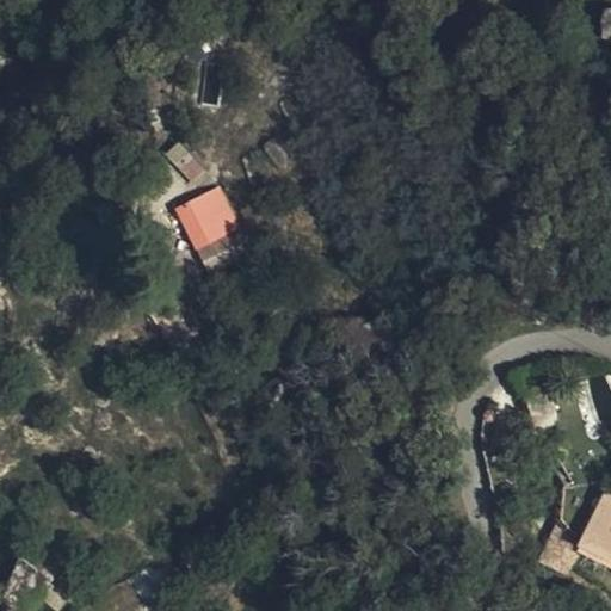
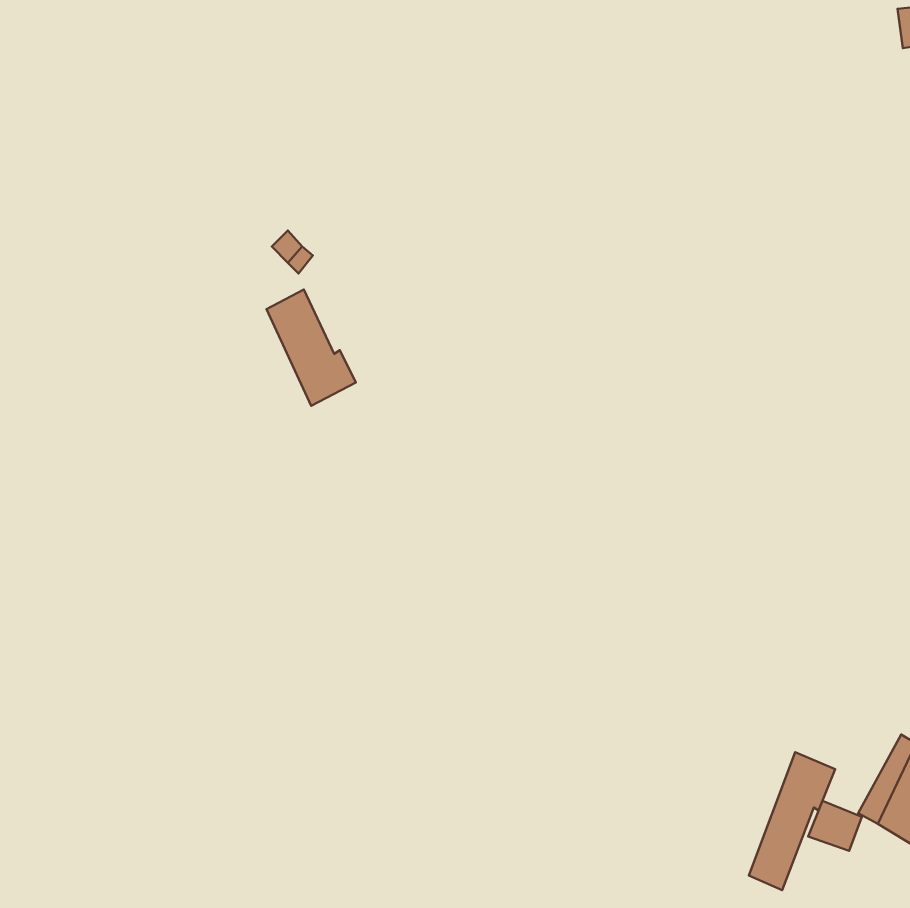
building: none -> [749,752,835,890]

